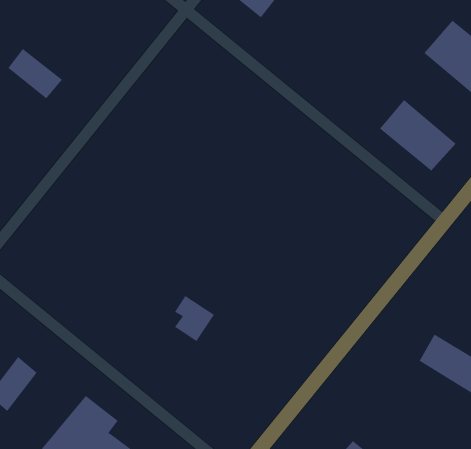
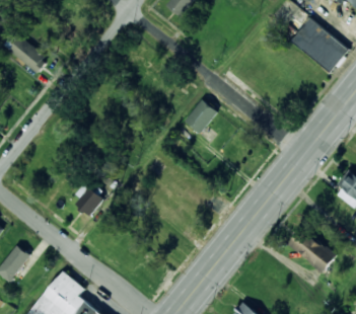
building: [379,99,456,172] -> none
building: none -> [184,99,217,134]
building: [174,295,215,342] -> [75,184,102,216]

